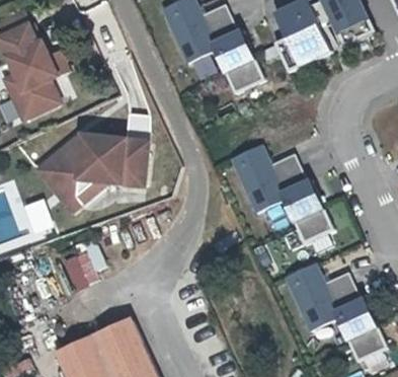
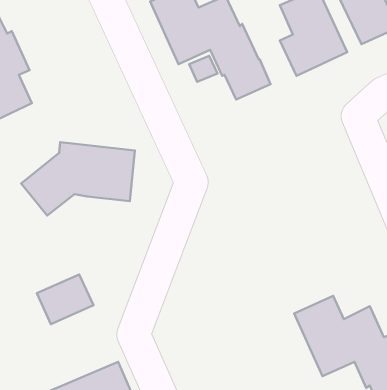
building: [36,130,106,207] -> none
building: [230,144,333,243] -> none

